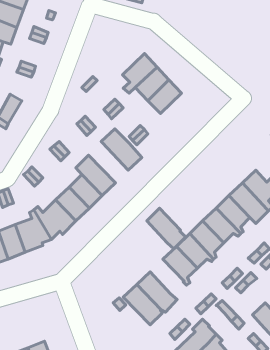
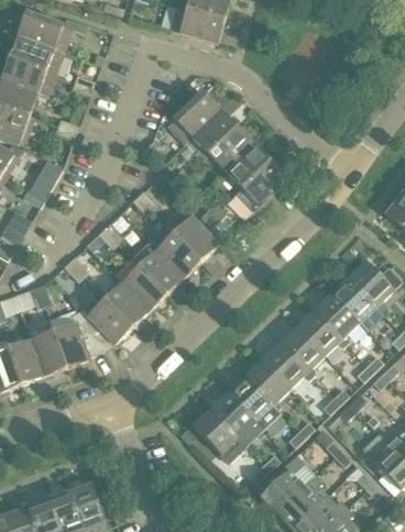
building: none -> [166,91,220,144]
building: none -> [233,160,286,212]
building: none -> [147,224,199,277]
building: [147,208,186,249] -> [228,376,278,429]

